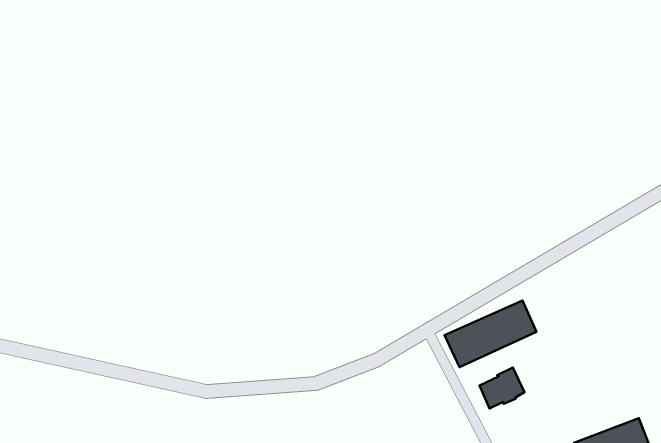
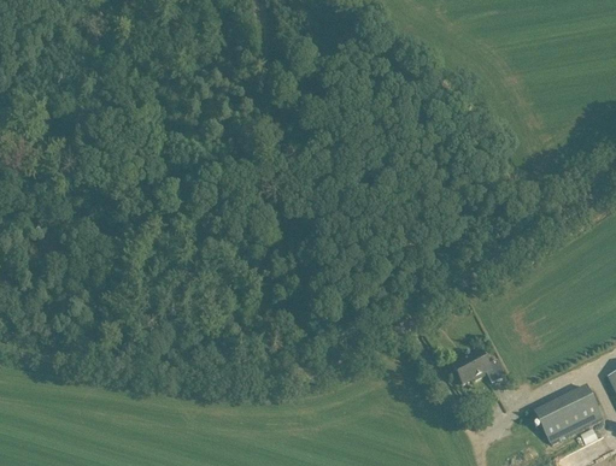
building: [445,300,536,367] -> none

